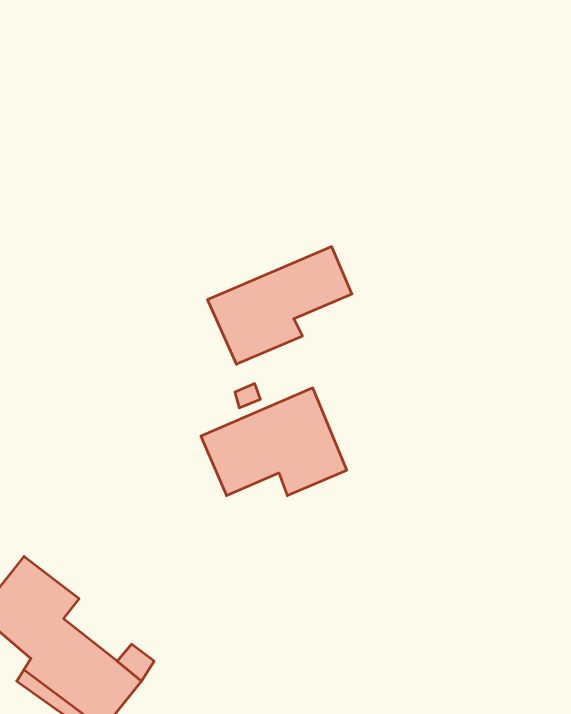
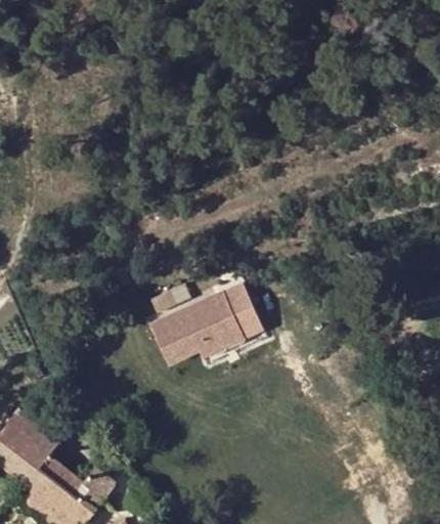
building: [208,247,352,364] -> none

